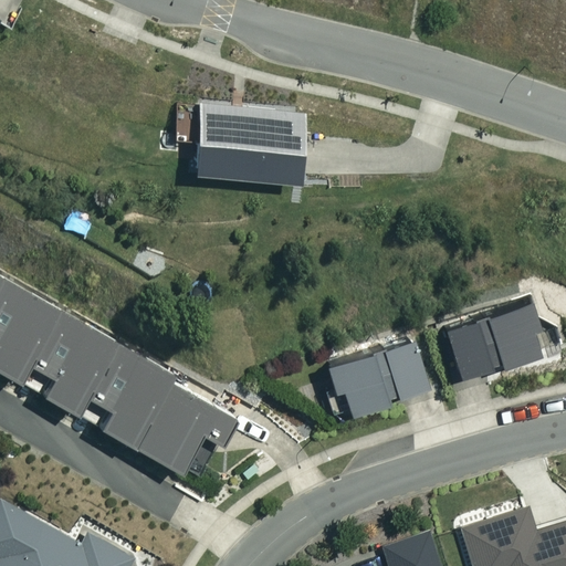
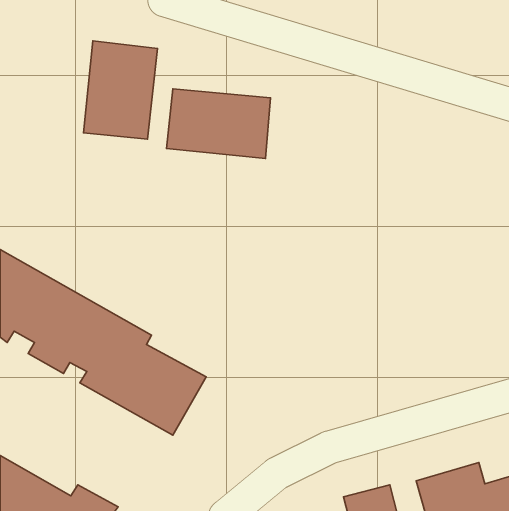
building: none -> [84,41,158,139]
building: [443,303,544,379] -> none
building: [325,339,429,415] -> none

